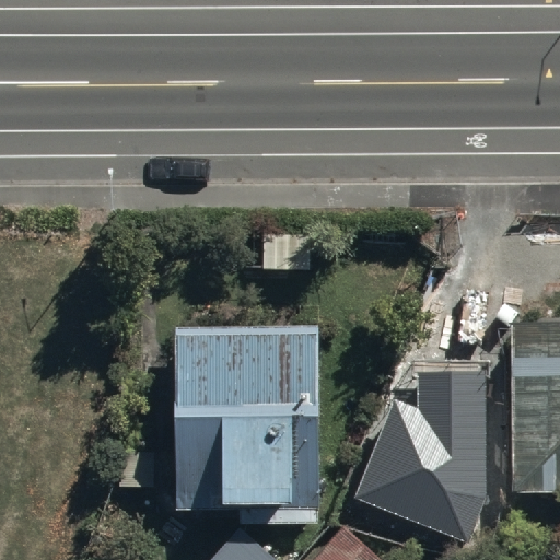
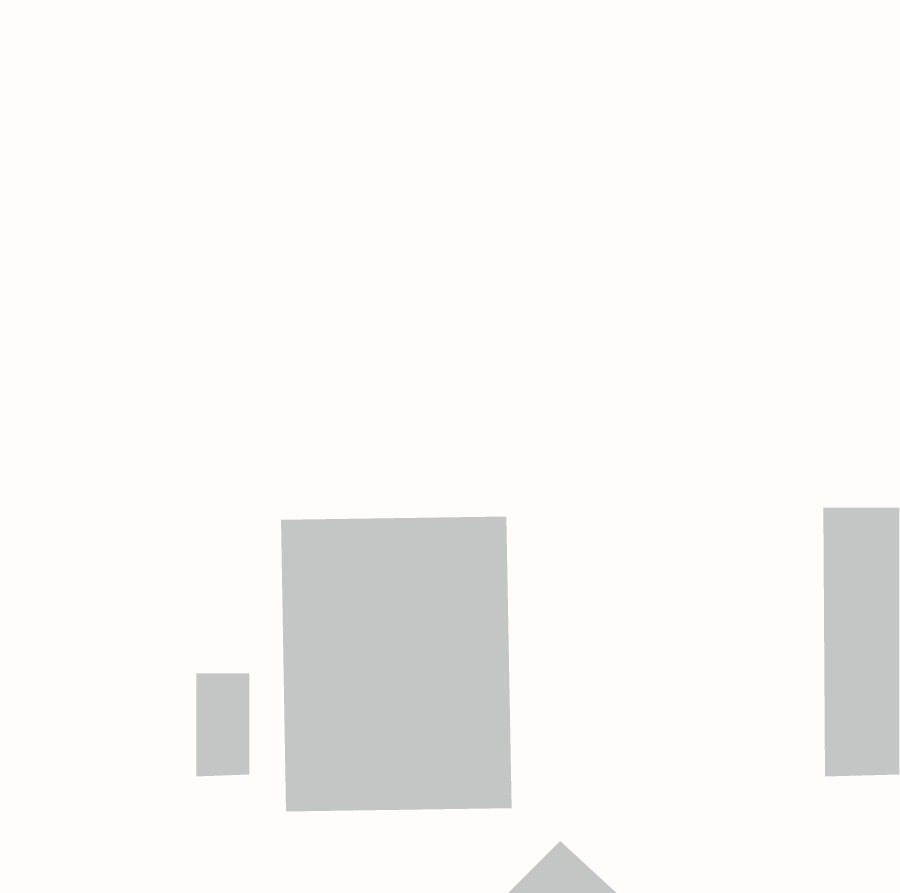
building: [357,377,487,545] -> none

